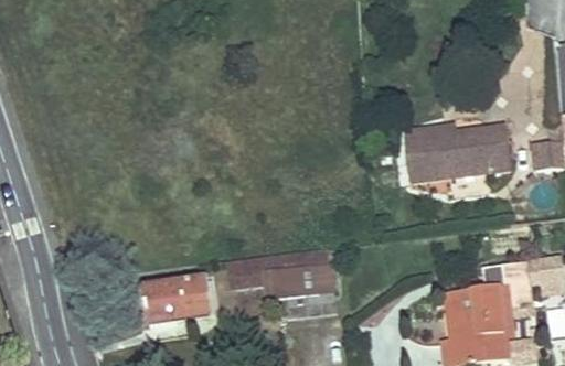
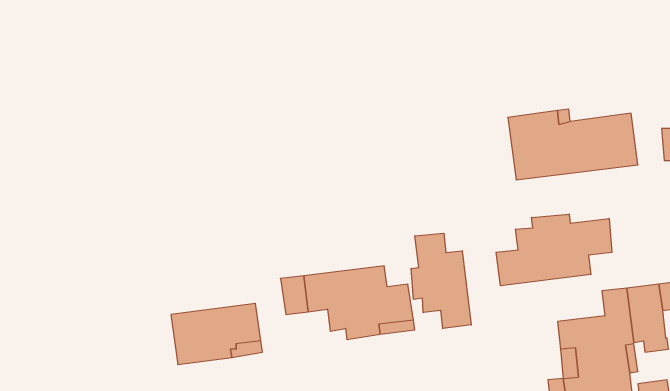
building: none -> [496,214,612,286]
building: none -> [411,233,471,329]

